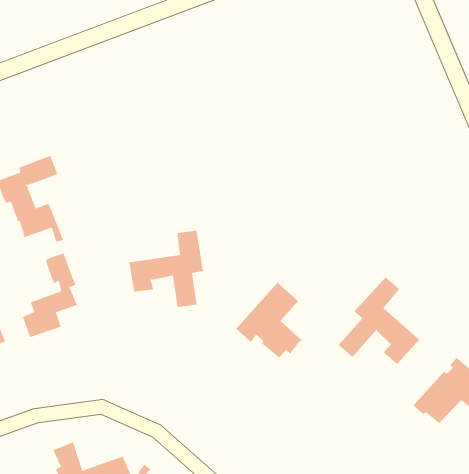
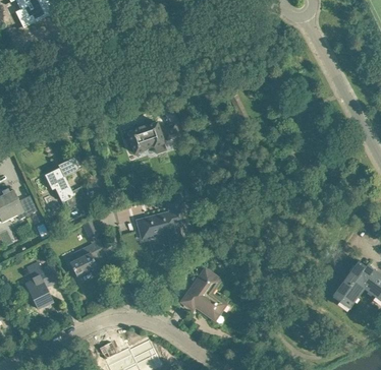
building: none -> [126,123,178,155]
building: [338,276,420,365] -> none
building: [235,282,303,358] -> [180,268,225,318]

